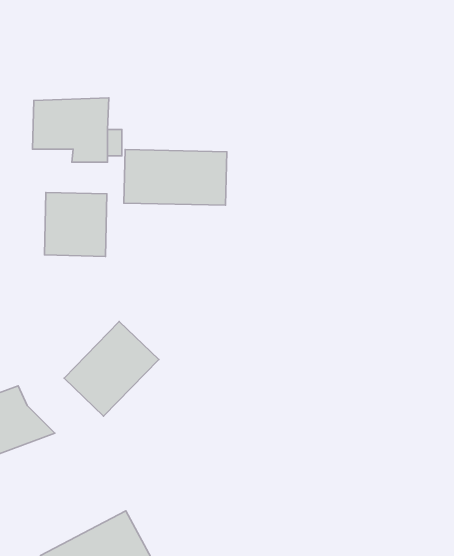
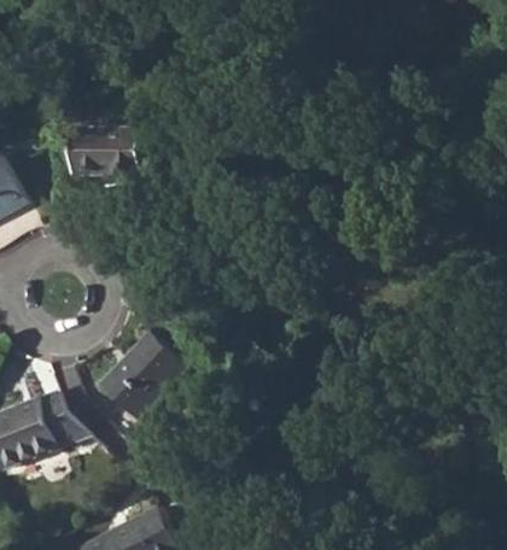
building: [124,150,227,205] -> none
building: [45,192,107,256] -> none

